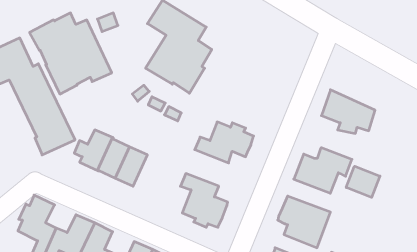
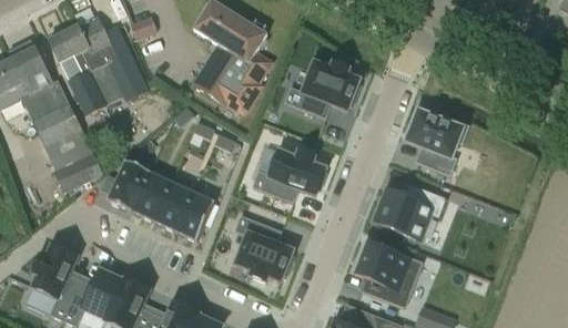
building: none -> [285,63,359,119]
building: none -> [175,193,215,242]
building: [346,166,380,197] -> none

